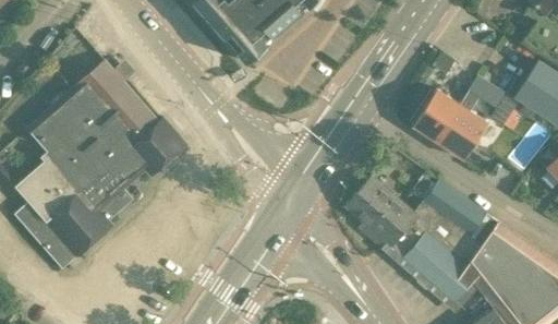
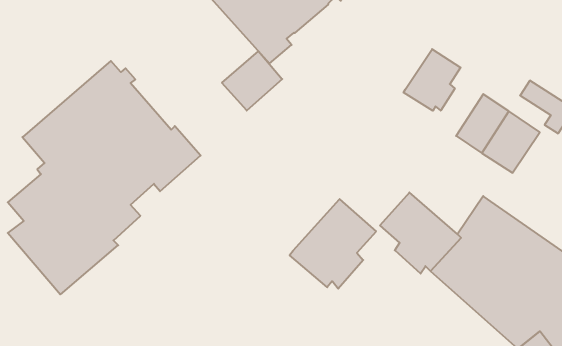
building: none -> [404,49,461,111]
building: none -> [222,51,282,111]
building: none -> [290,199,376,289]

